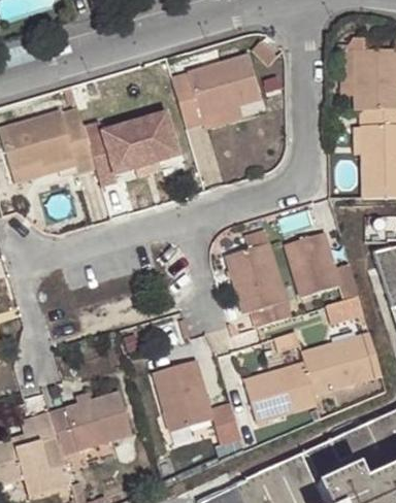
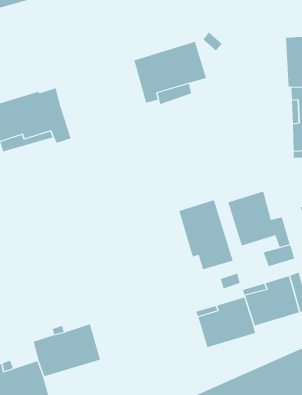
building: [85,114,177,189] -> none
building: [153,359,242,444] -> none

